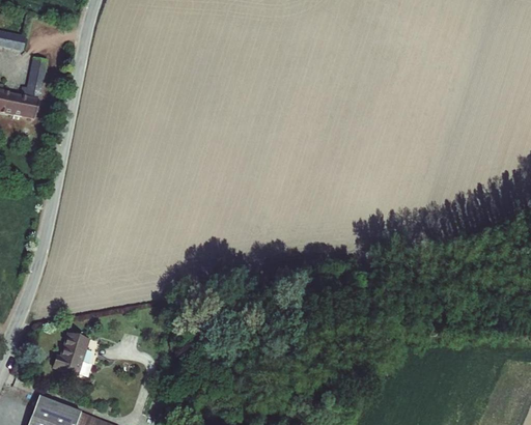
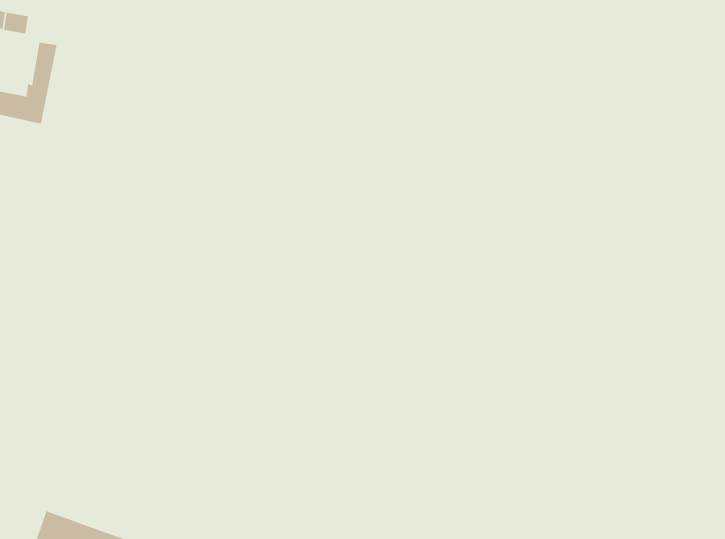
building: [56,334,89,375] -> none

